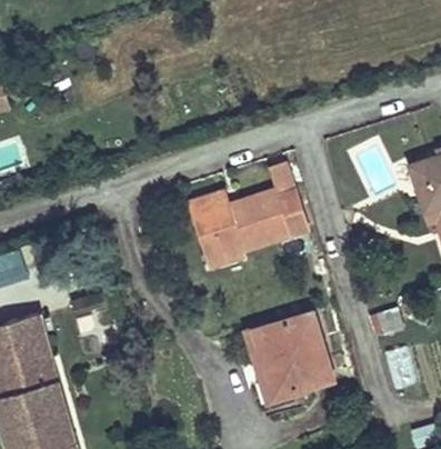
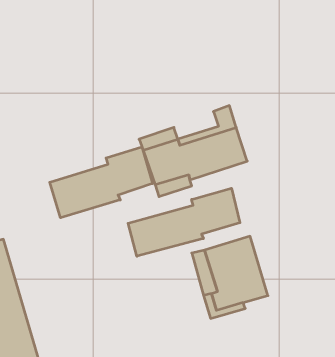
building: none -> [50,147,152,218]
building: none -> [128,188,240,256]

